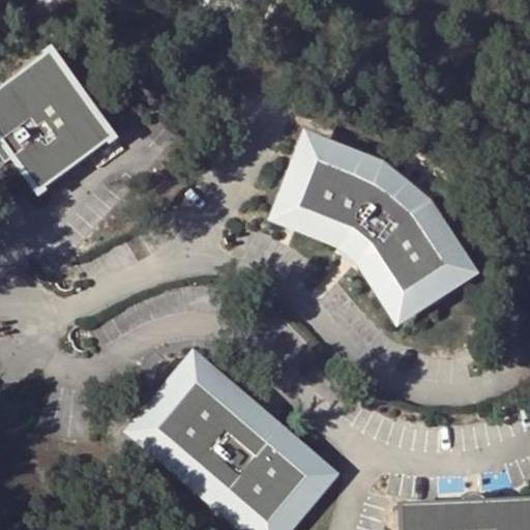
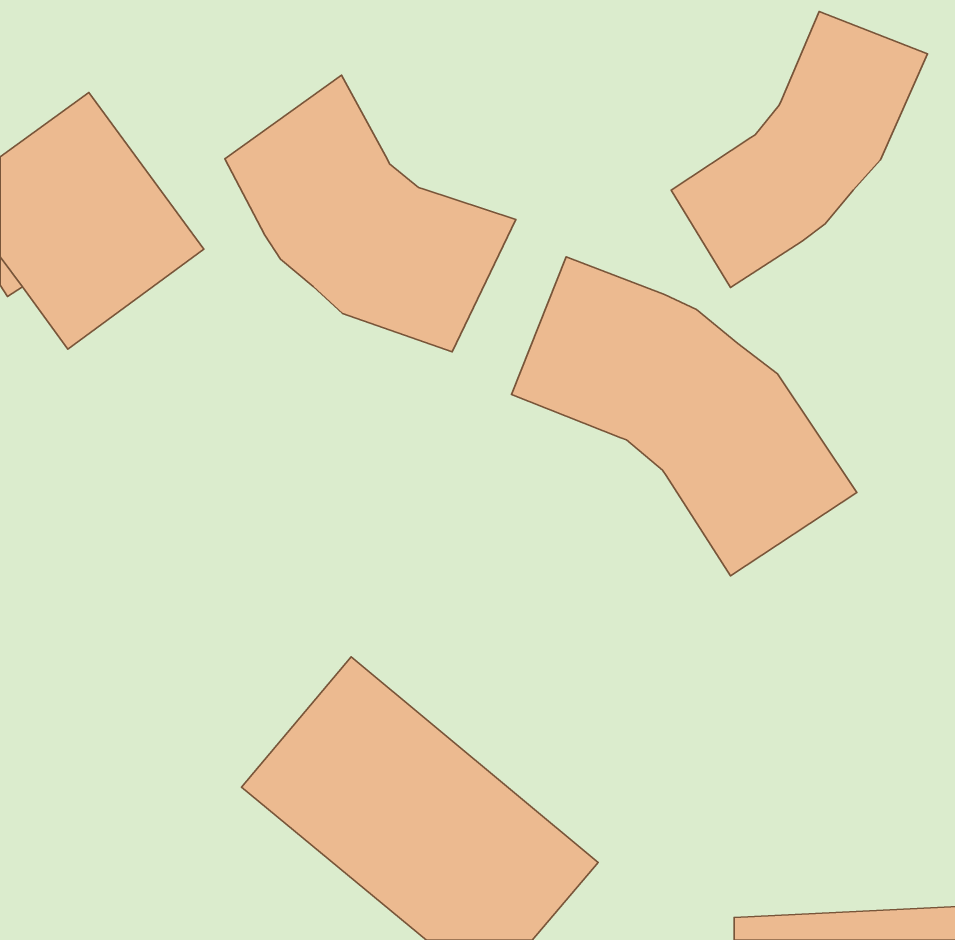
building: none -> [671,11,927,288]
building: none -> [225,75,516,352]

